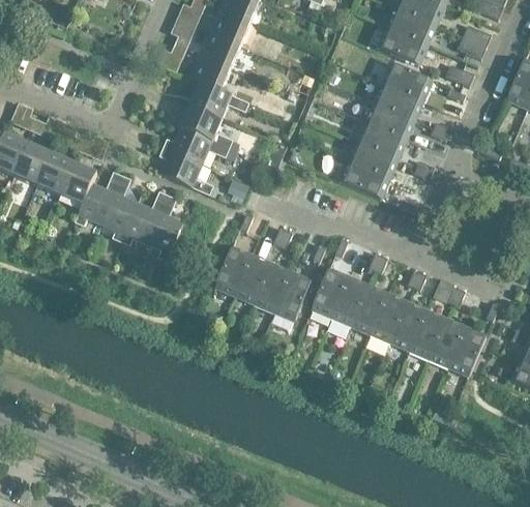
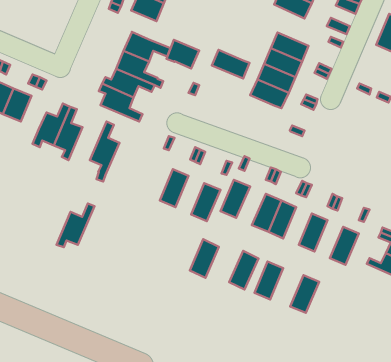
building: [190,55,232,91] -> [166,40,199,69]
building: [384,63,432,99] -> none
building: [342,161,389,198] -> [212,50,250,79]
building: [61,162,97,204] -> none
building: [121,191,169,246] -> [57,204,94,247]
building: [215,246,253,294] -> none
building: [256,263,292,311] -> [190,239,219,278]
building: [332,276,370,325] -> [229,251,259,290]
building: [391,302,428,350] -> [254,262,283,300]
building: [431,319,467,366] -> [290,275,319,313]

